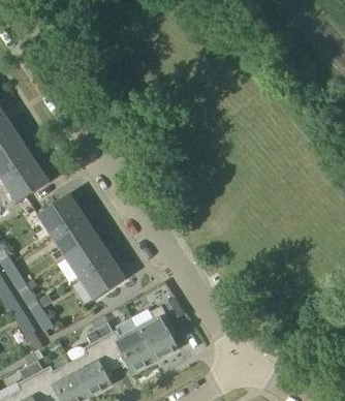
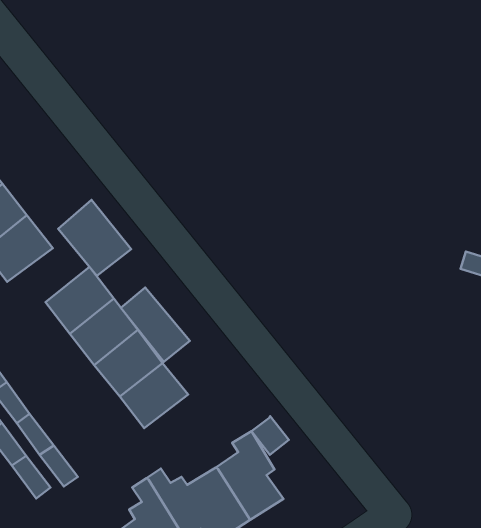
building: none -> [58,200,131,276]
building: none -> [121,288,190,362]

